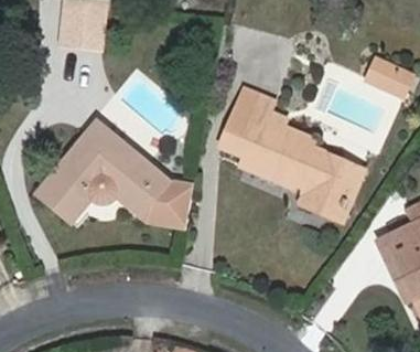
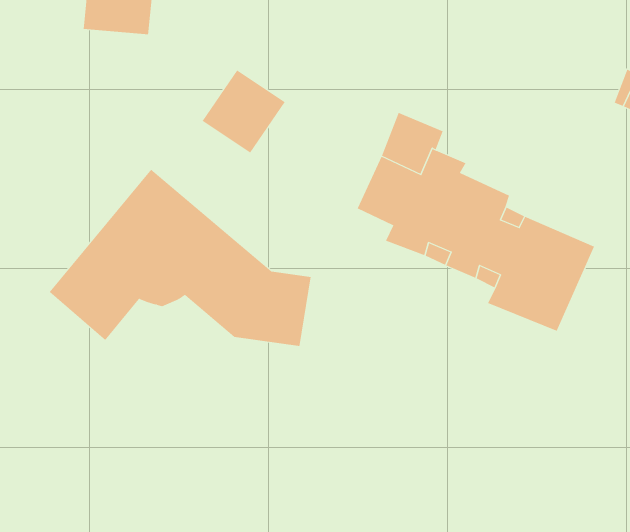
building: none -> [202,70,286,153]

